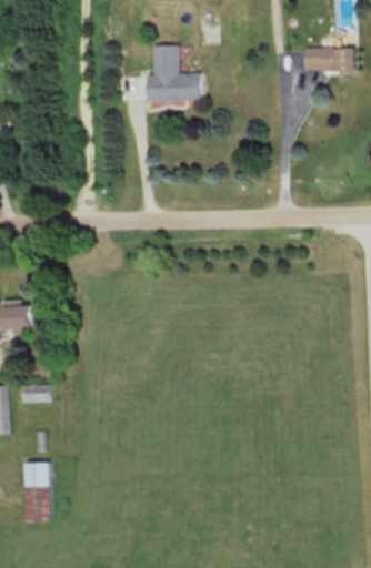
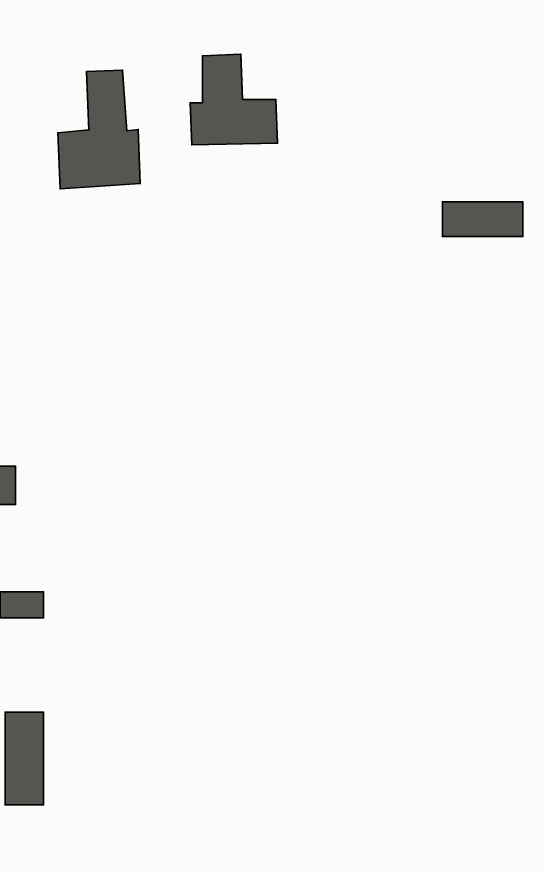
building: [303,49,354,71] -> [442,202,523,237]
building: none -> [58,70,140,189]

